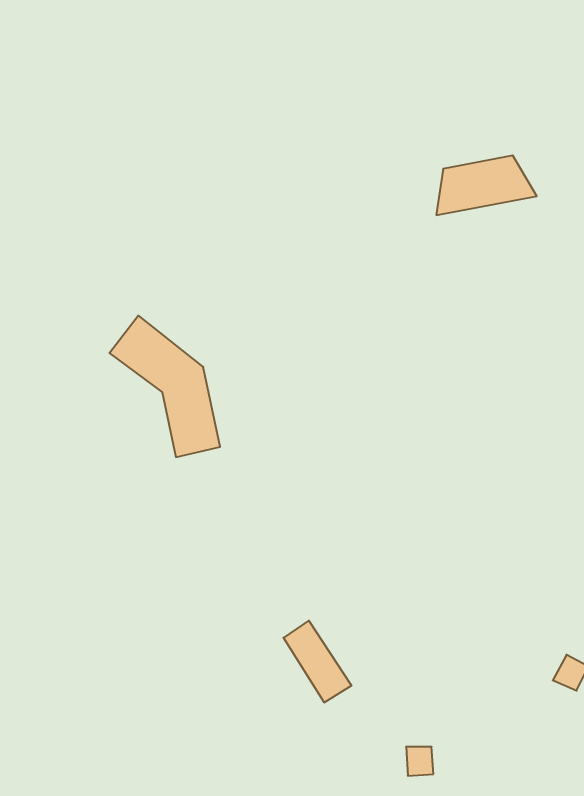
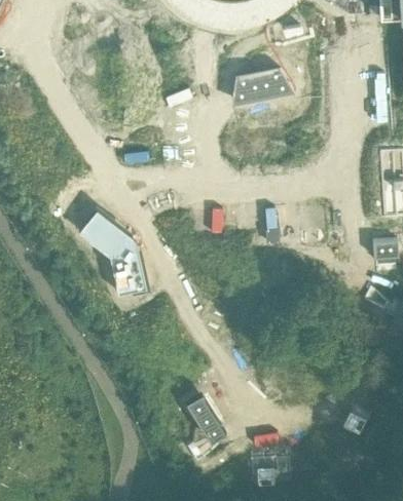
building: [436,155,537,215] -> [232,68,293,104]

